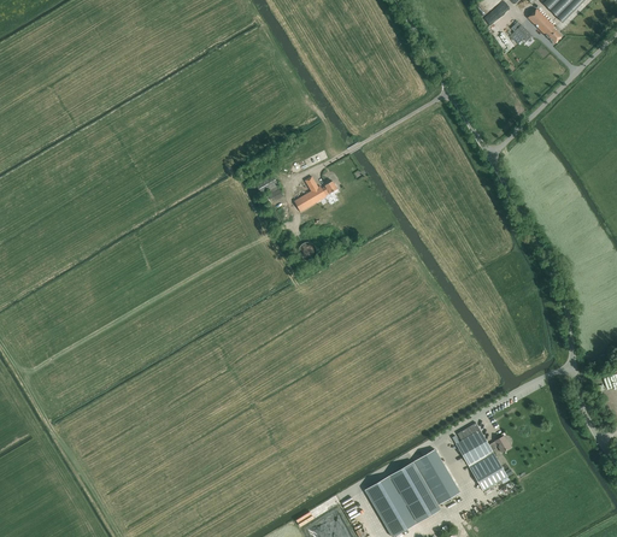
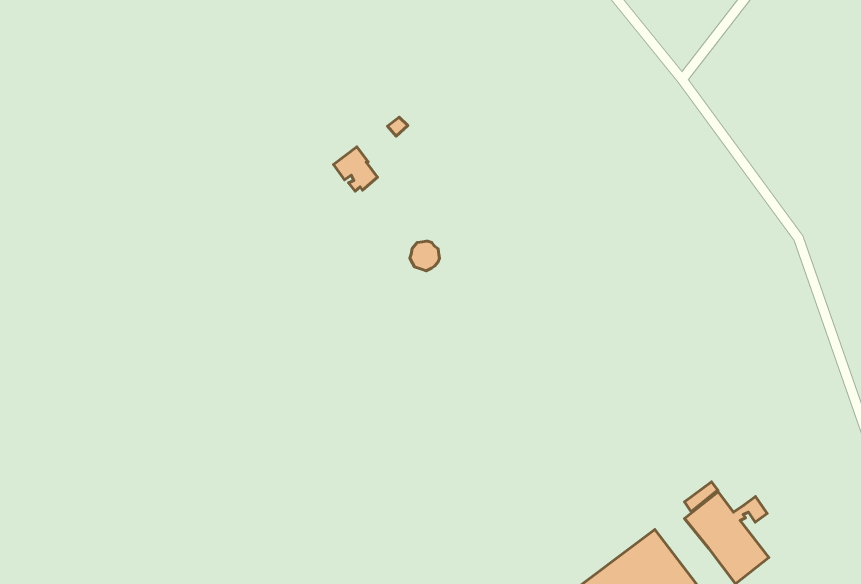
building: [294,176,337,211] -> none

